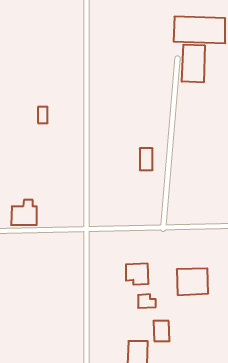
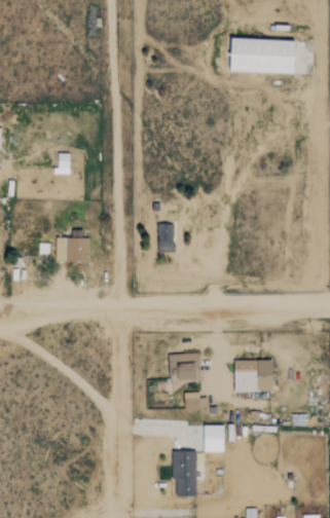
building: [182,45,205,82] -> none
building: [140,148,153,170] -> [158,224,175,252]
building: [11,200,37,225] -> [56,229,88,261]

